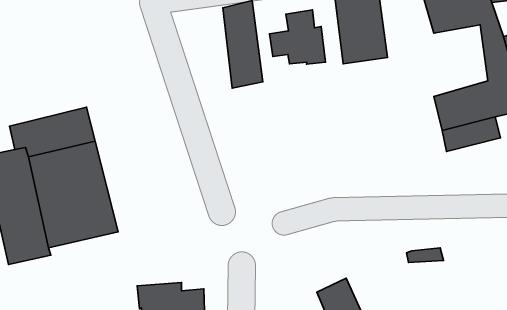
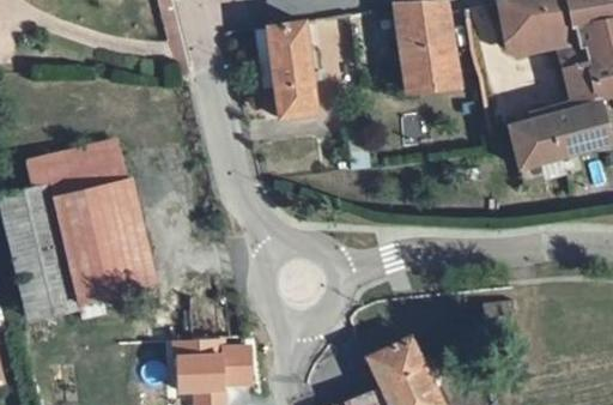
building: [269,10,326,64] -> none

